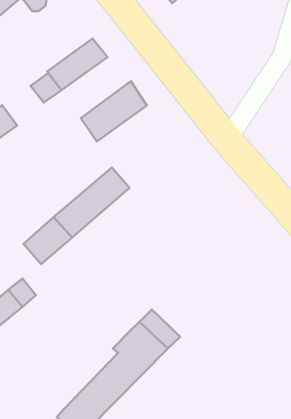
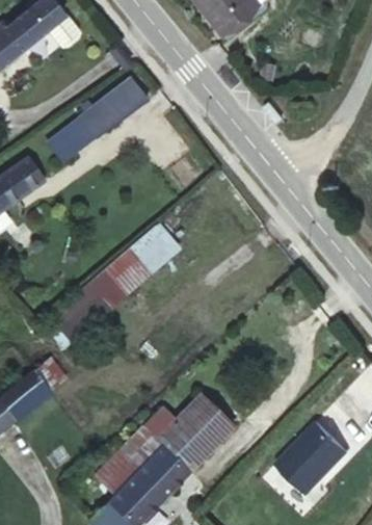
building: [81,81,147,142] -> none
building: none -> [81,408,176,510]
building: none -> [276,423,348,496]

